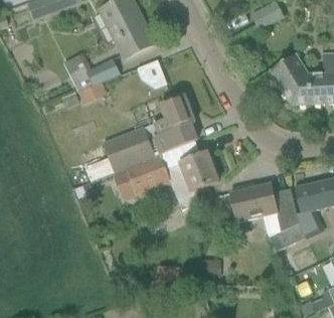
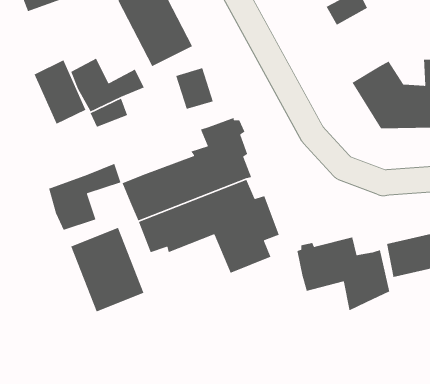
building: none -> [33,59,87,125]
building: none -> [48,163,121,231]
building: none -> [70,227,145,313]
building: [269,222,306,251] -> none

